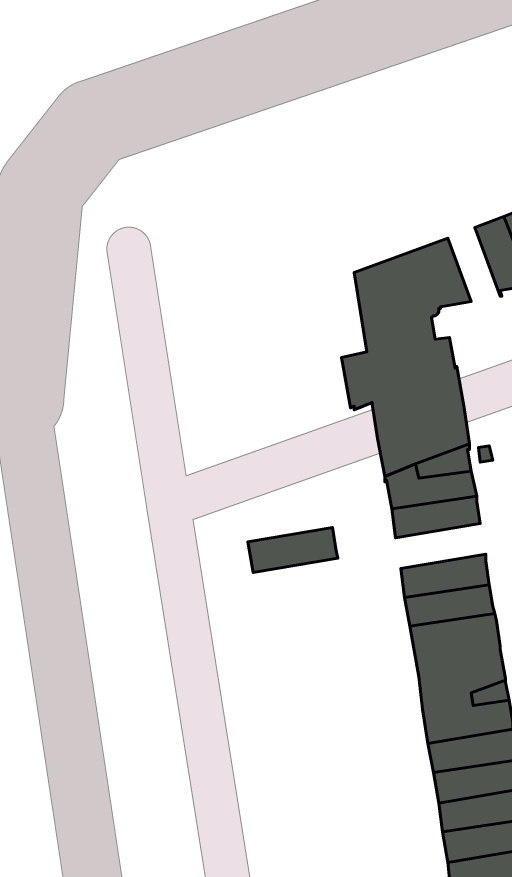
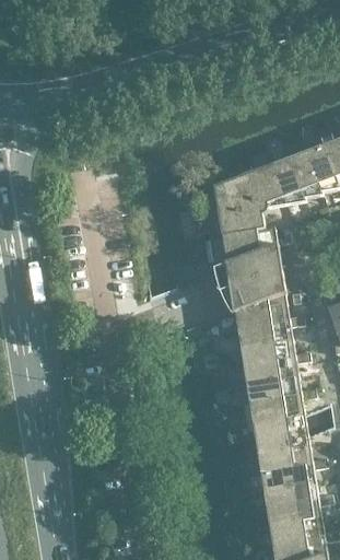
building: none -> [273,158,305,202]
building: [248,527,338,573] -> [242,337,296,364]

